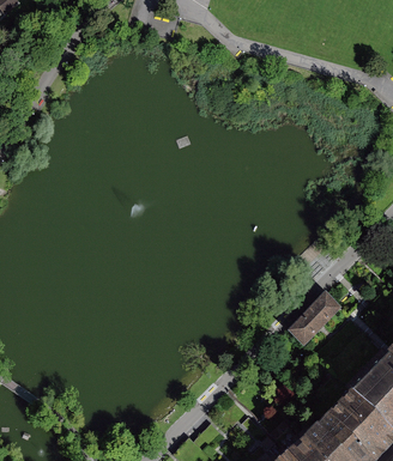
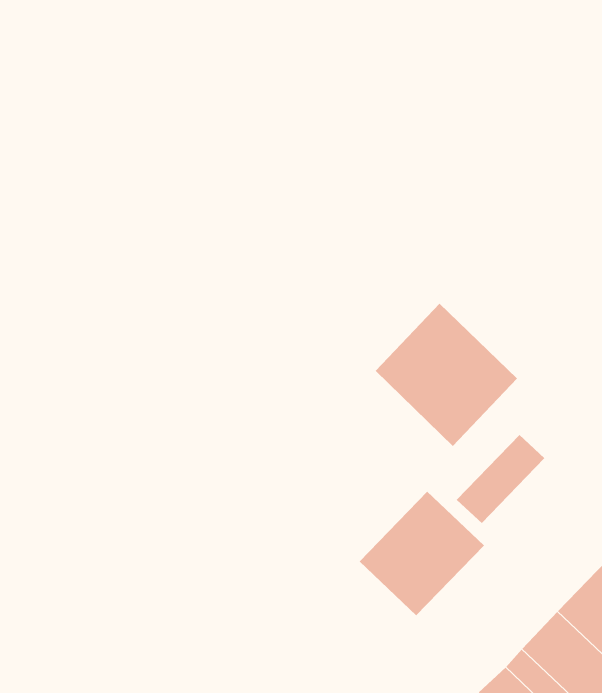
building: none -> [375,303,518,447]
building: none -> [359,491,485,616]

